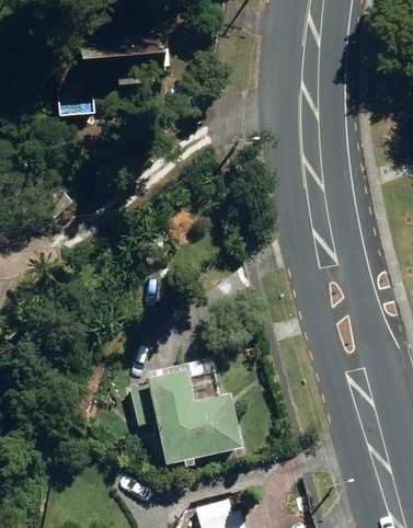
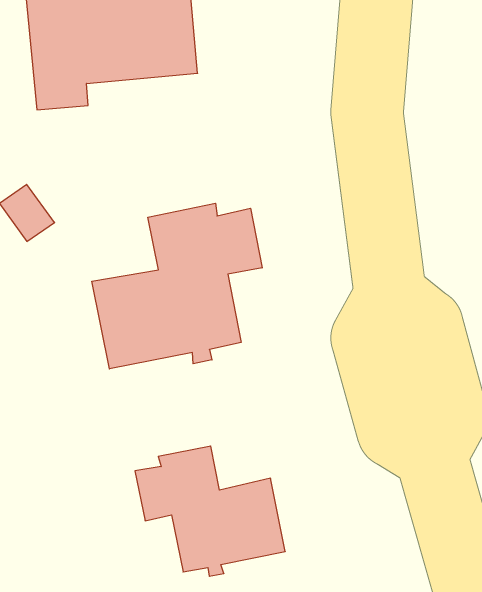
building: none -> [92,203,262,369]

